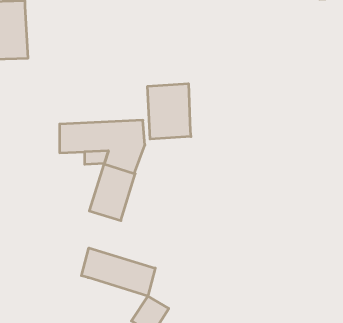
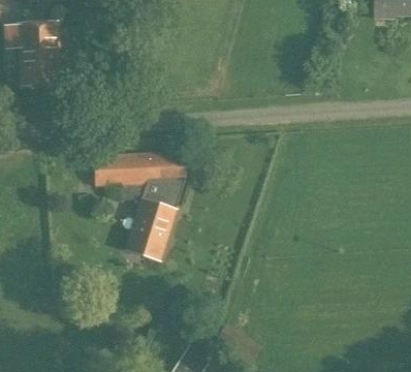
building: [148,84,191,139] -> none
building: [81,248,155,296] -> none

